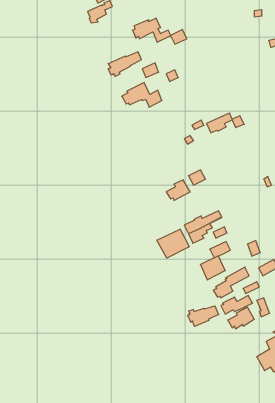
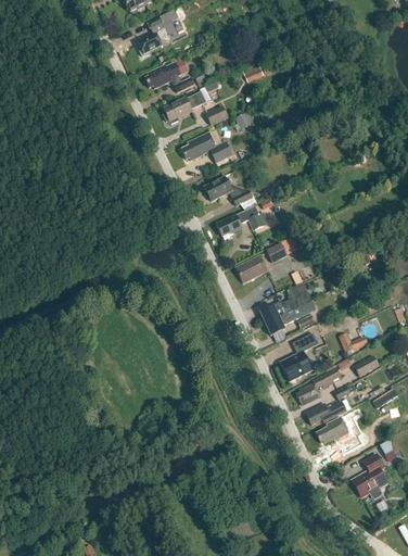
building: [132,18,171,42] -> [146,61,195,91]
building: [207,113,244,133] -> [218,210,266,235]
building: none -> [205,175,253,204]
building: [157,229,189,258] -> none
building: [188,306,219,326] -> none

